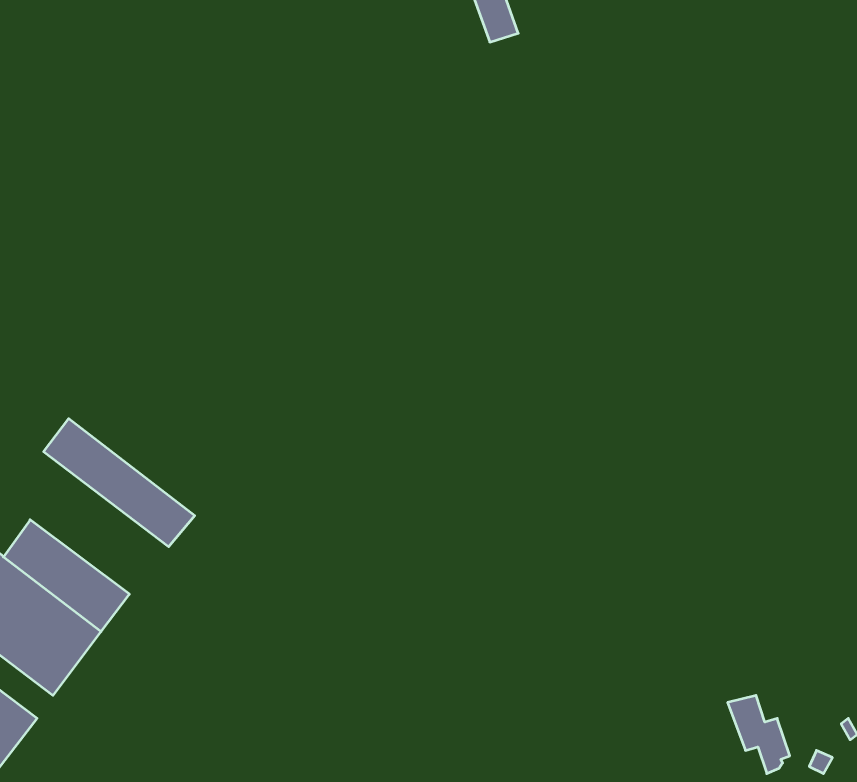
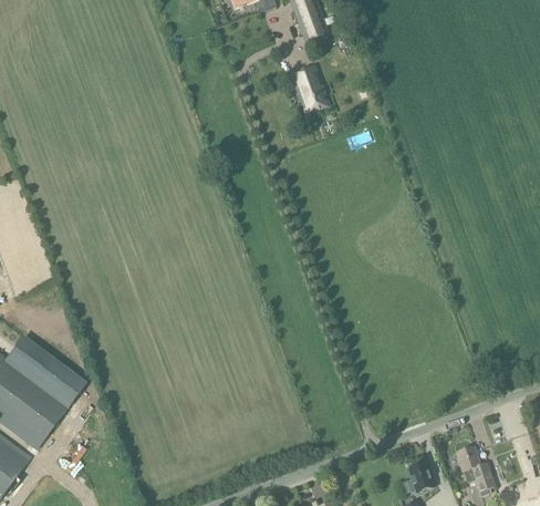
building: none -> [292,65,330,113]
building: [44,419,195,547] -> none
building: none -> [407,463,434,492]

